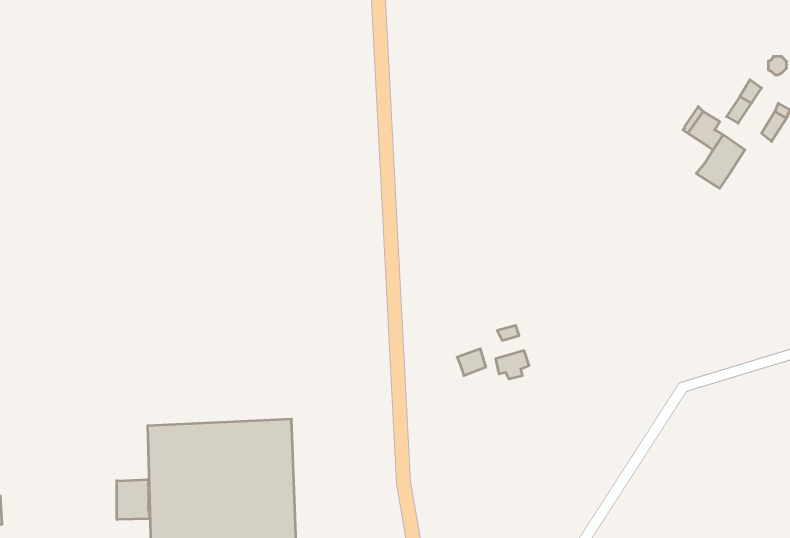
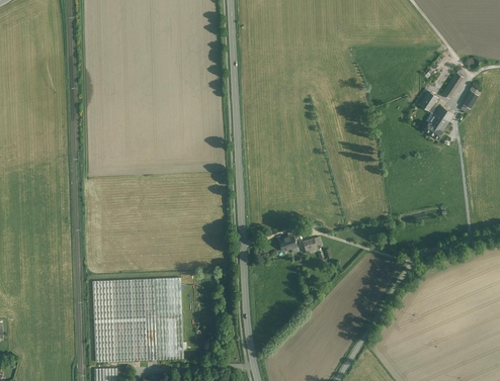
building: [117,479,150,520] -> none

